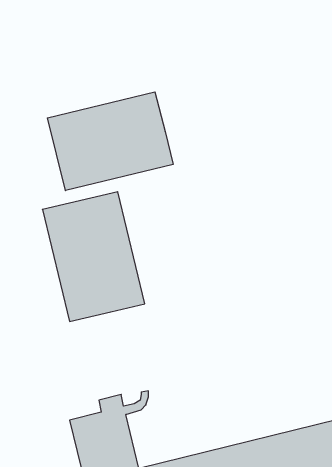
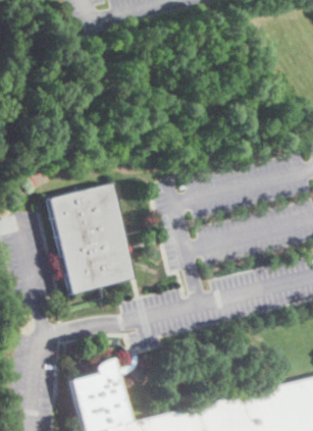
building: [47,92,173,191] -> none

